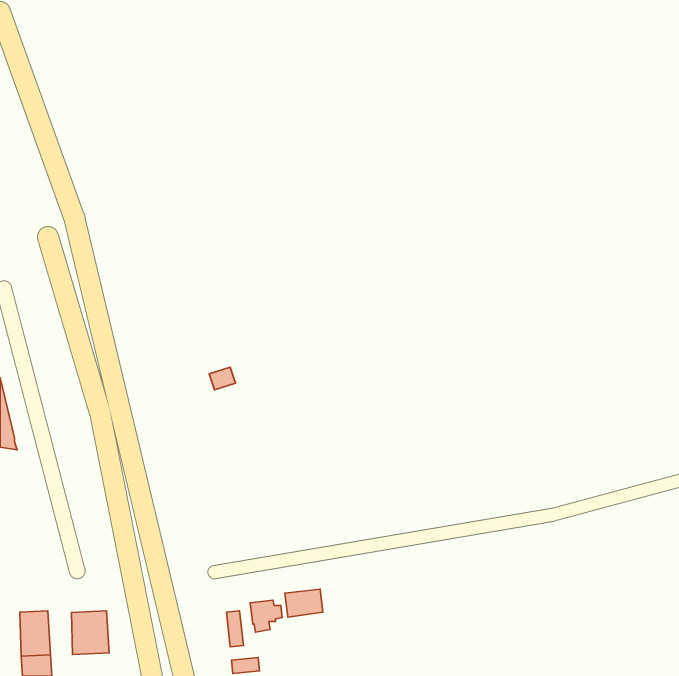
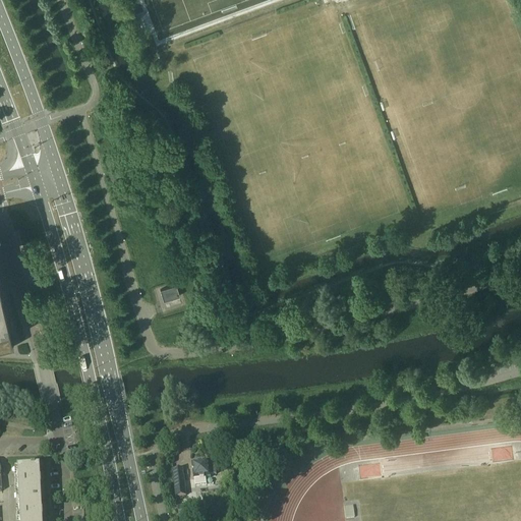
building: [285,589,323,617] -> none
building: [72,611,109,655] -> none

